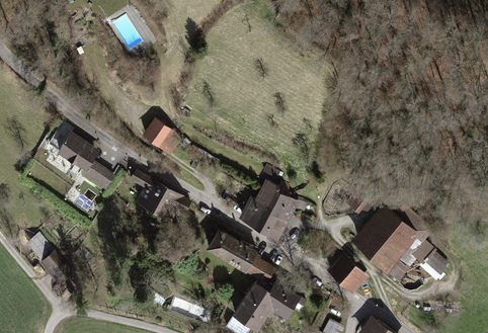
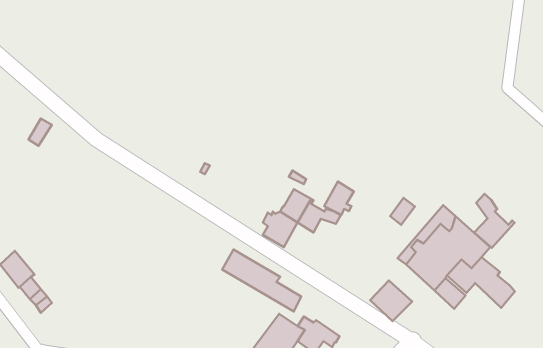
building: [146,120,179,151] -> none
building: [58,138,112,188] -> none
building: [139,181,180,219] -> none
building: none -> [474,194,514,248]
building: [259,210,283,237] -> [324,181,354,215]

